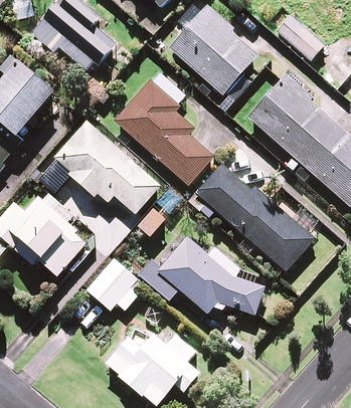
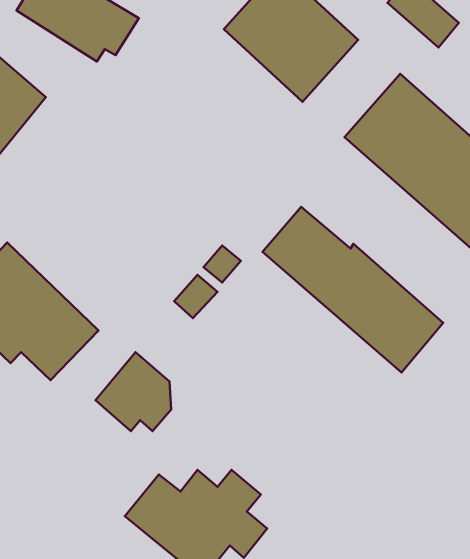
building: [115,71,212,184] -> none
building: [52,121,159,212] -> none
building: [139,235,264,314] -> none

